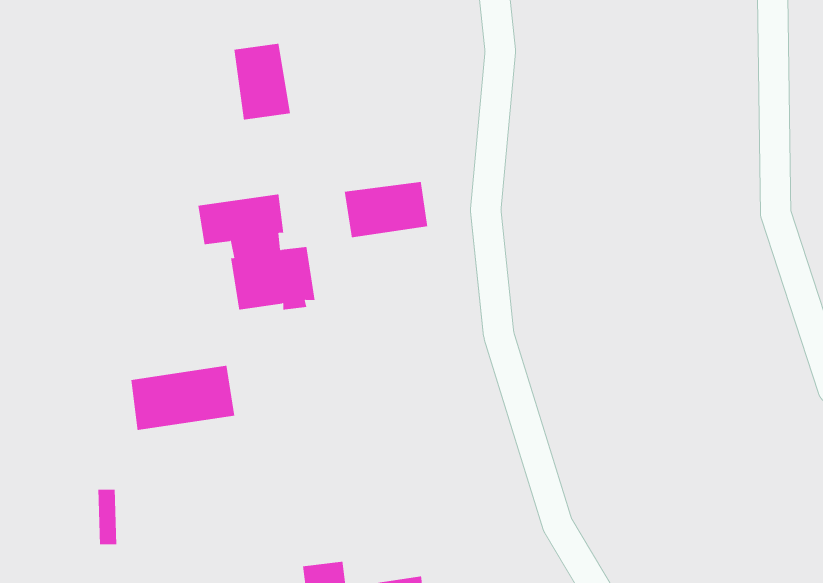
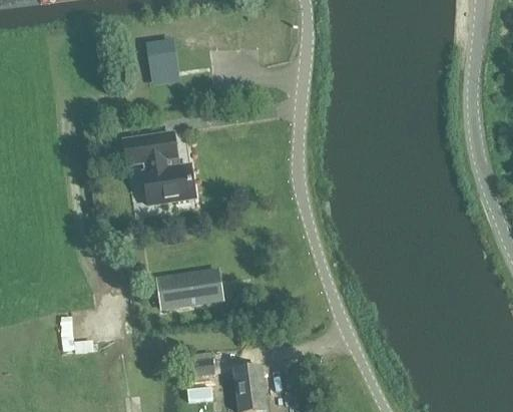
building: [344,181,428,238] -> none
building: [130,365,235,431] -> [157,269,221,309]

